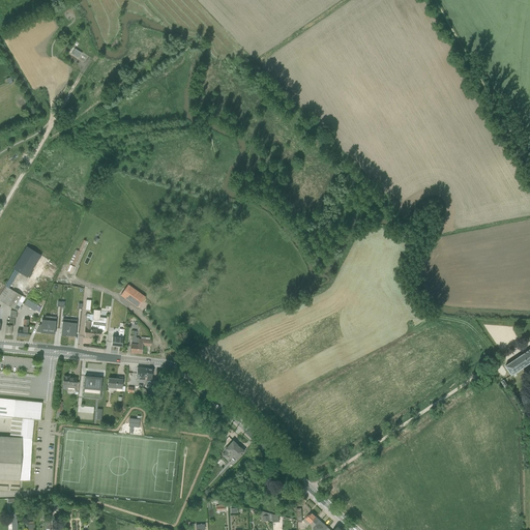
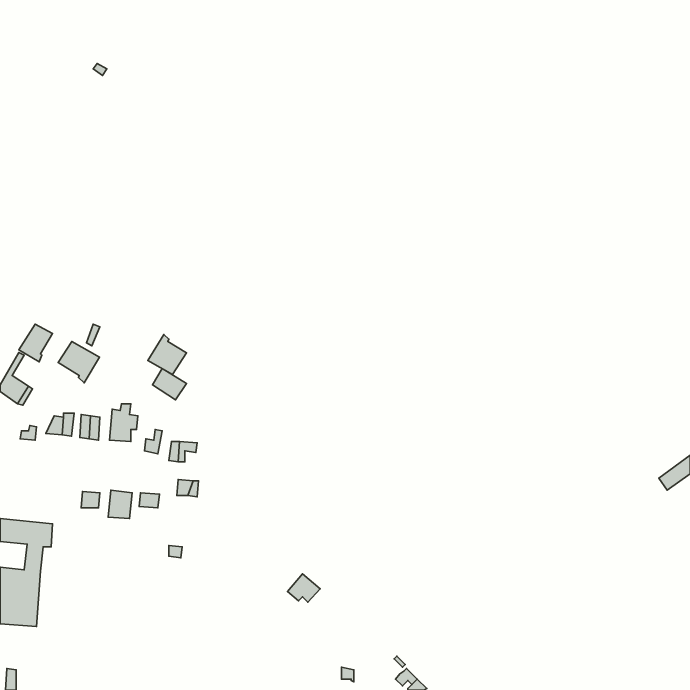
building: none -> [148,335,187,374]
building: none -> [58,341,100,383]

